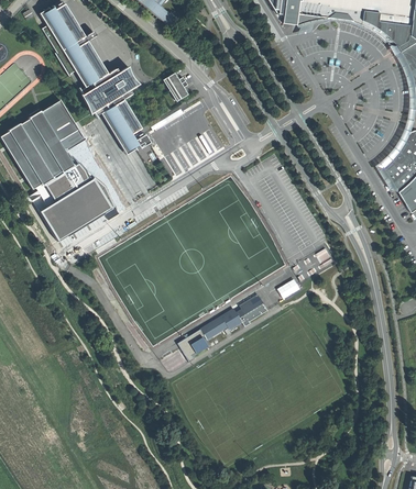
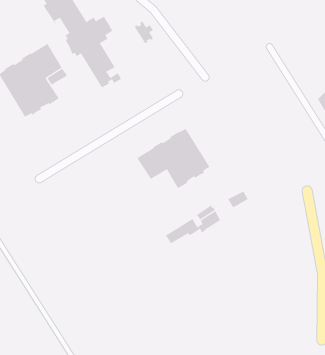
building: [42,163,117,240] -> none
building: none -> [136,128,210,189]

